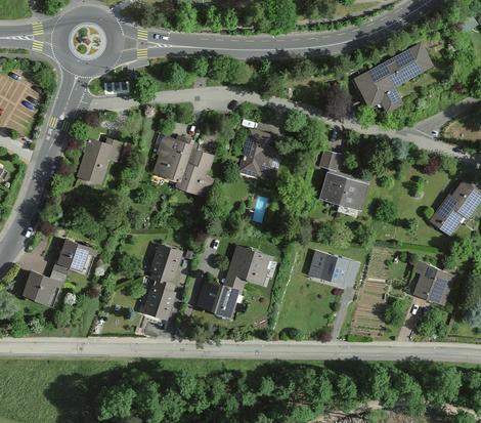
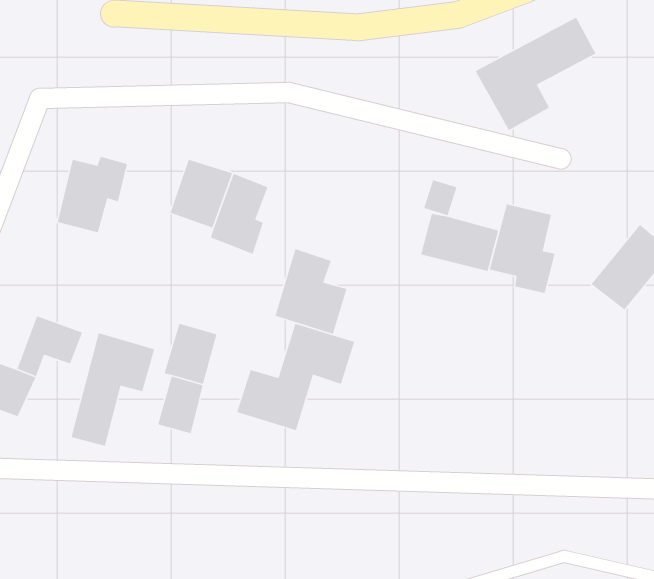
building: [235,126,283,183] -> [275,248,347,335]
building: none -> [489,203,556,294]
building: none -> [70,332,155,447]
building: [318,253,359,288] -> none
building: [405,261,456,305] -> none

